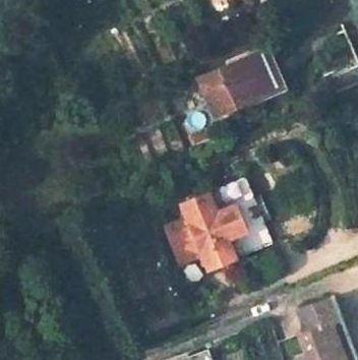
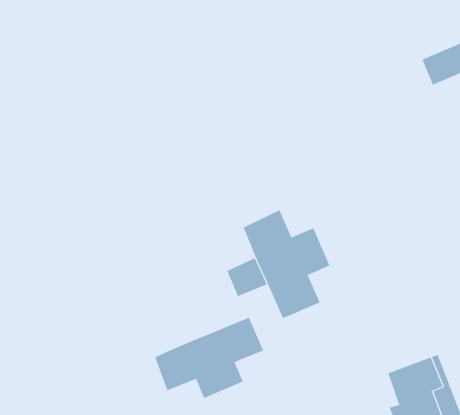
building: [197,51,279,115] -> none
building: none -> [155,317,264,399]

